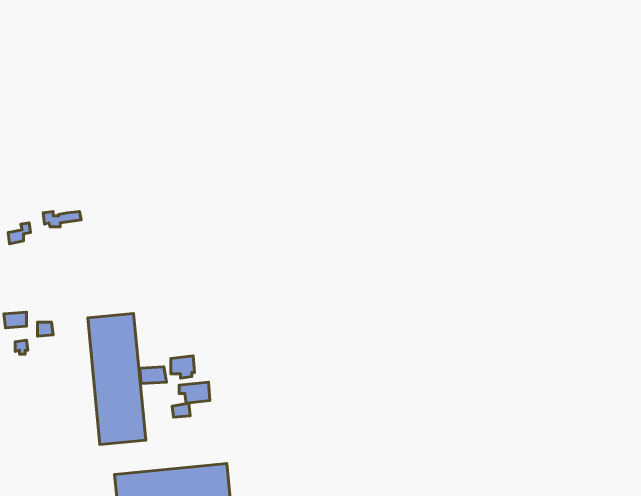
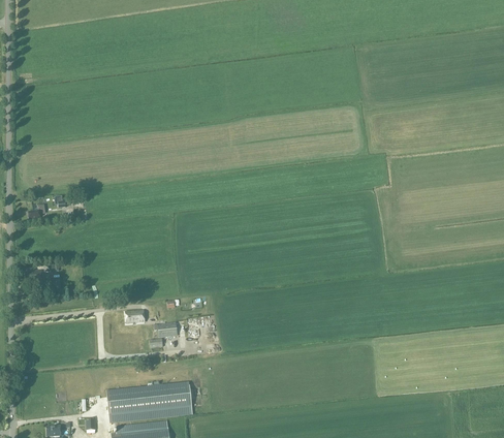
building: [88,314,146,445] -> none

